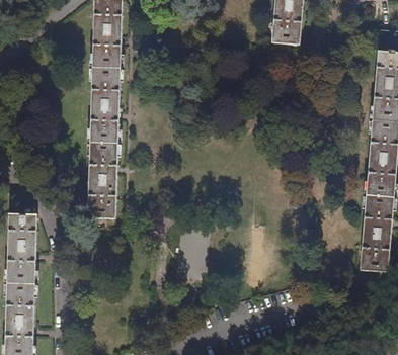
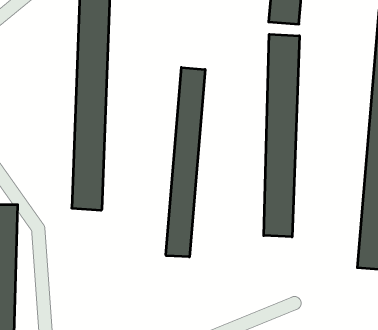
building: none -> [264,34,299,237]
building: none -> [166,67,205,257]

